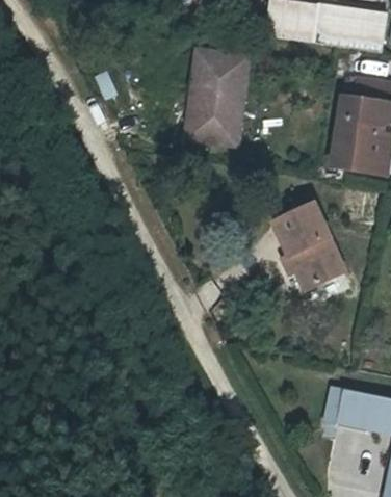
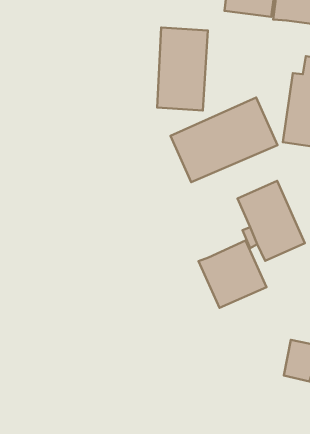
building: none -> [170,98,278,182]
building: none -> [199,240,266,308]

